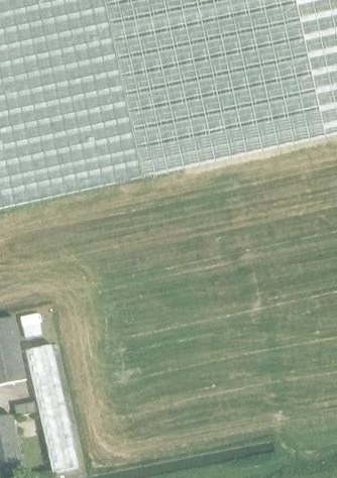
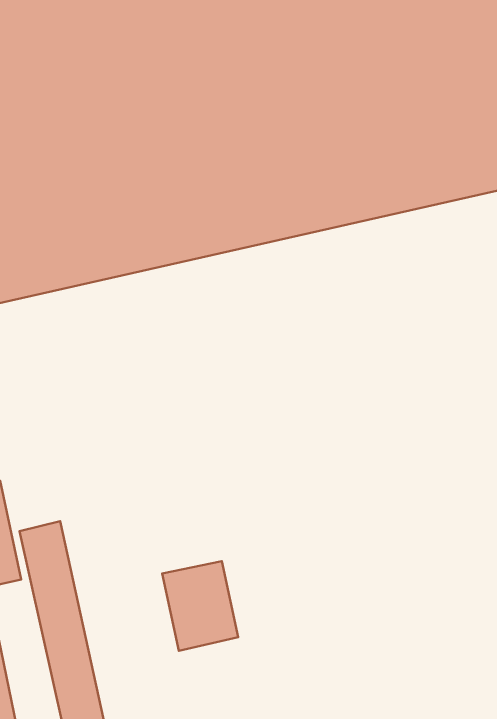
building: none -> [162,561,238,651]

